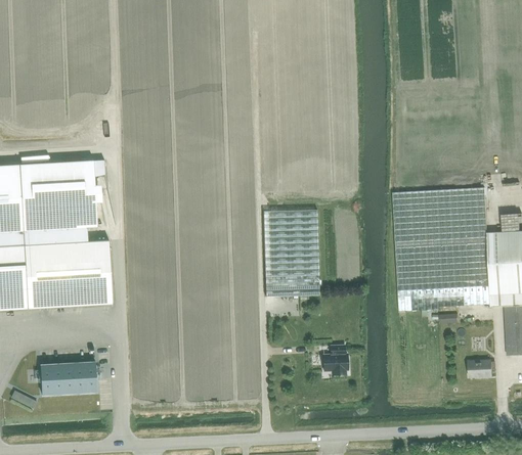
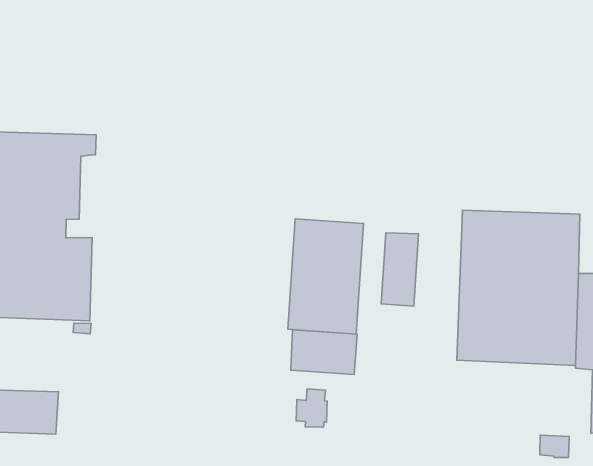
building: none -> [381,233,419,306]
building: none -> [291,330,357,374]
building: [323,346,348,375] -> [296,389,327,427]

